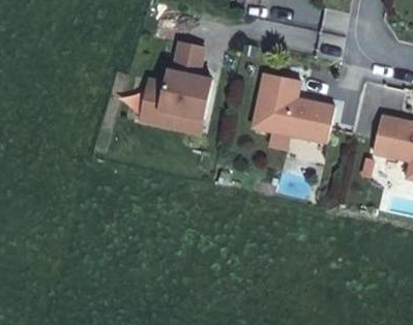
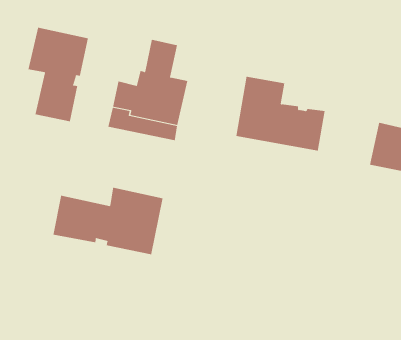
building: none -> [28,27,89,122]
building: none -> [53,187,163,255]

